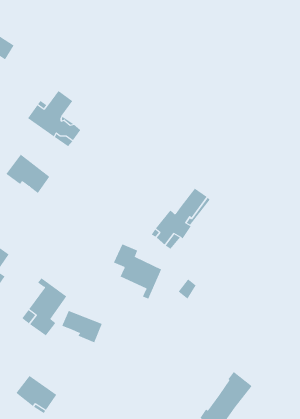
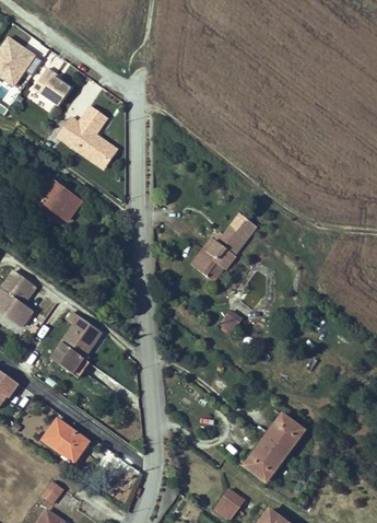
building: none -> [33,67,70,104]
building: [113,243,162,299] -> none
building: [61,310,102,343] -> none

